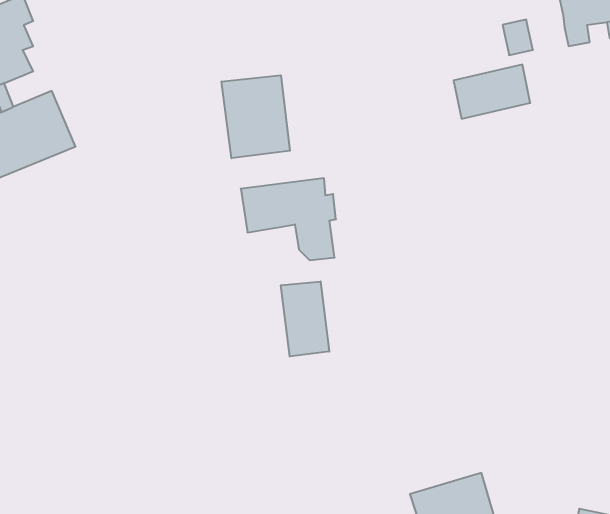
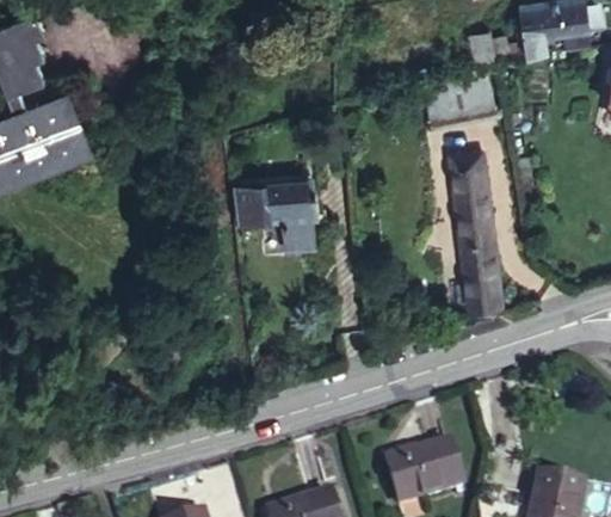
building: [222,75,290,158] -> none
building: none -> [451,150,502,308]
building: [281,281,329,357] -> none

